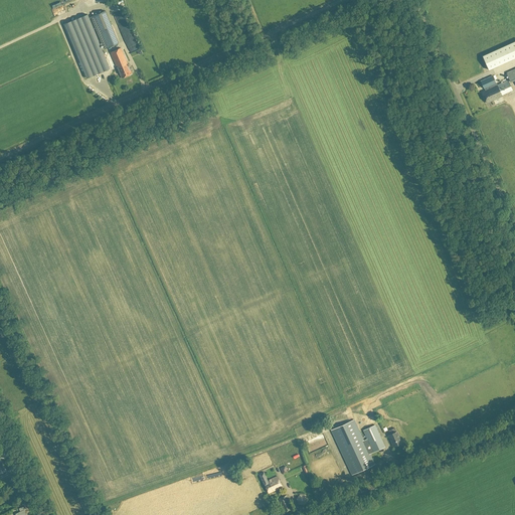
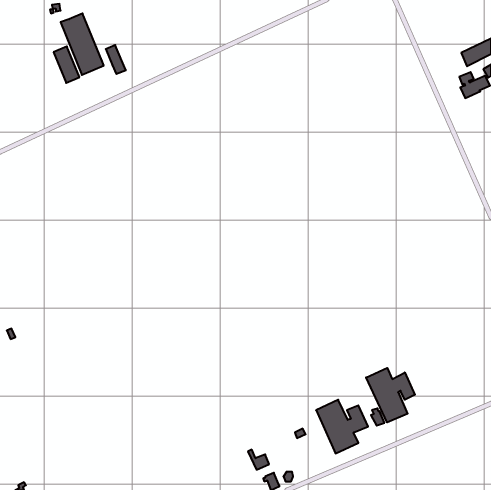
building: [92,10,119,48] -> [54,46,79,83]
building: none -> [366,368,415,422]

